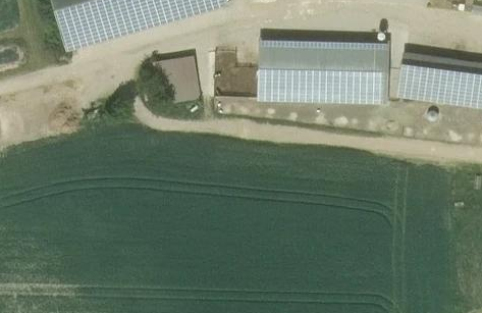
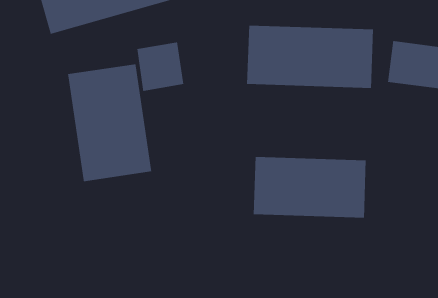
building: none -> [68,63,152,182]
building: none -> [253,156,366,219]

